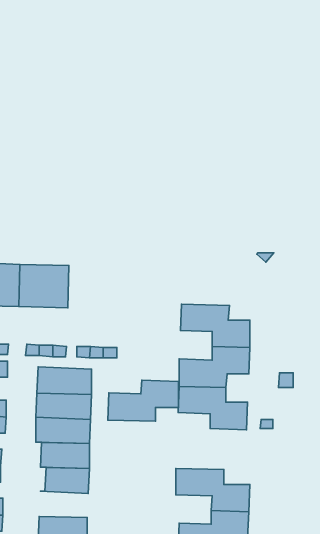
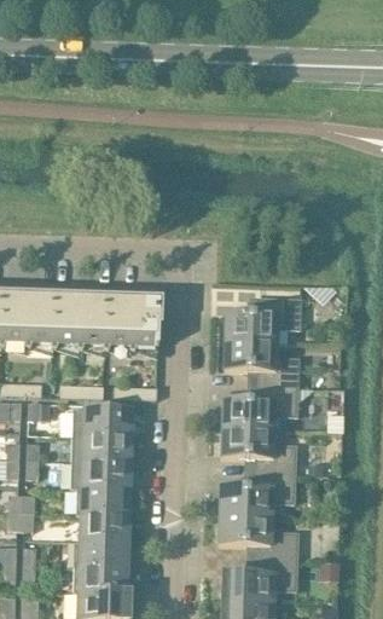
building: none -> [226,295,301,340]
building: none -> [105,297,161,345]
building: [108,380,178,421] -> [220,470,295,514]
building: none -> [75,537,127,565]

